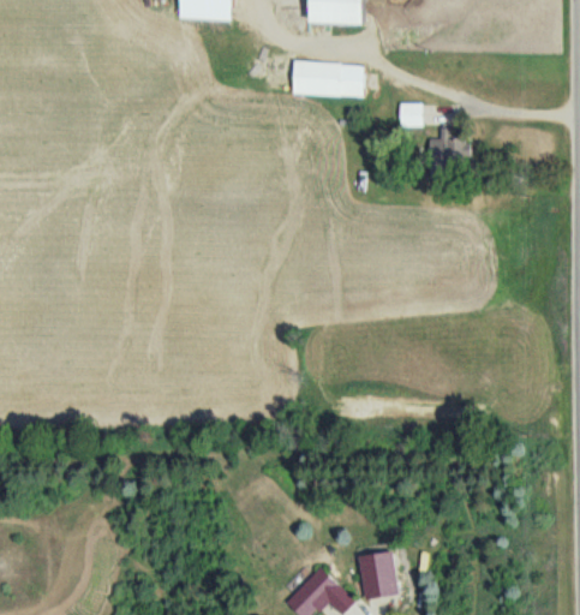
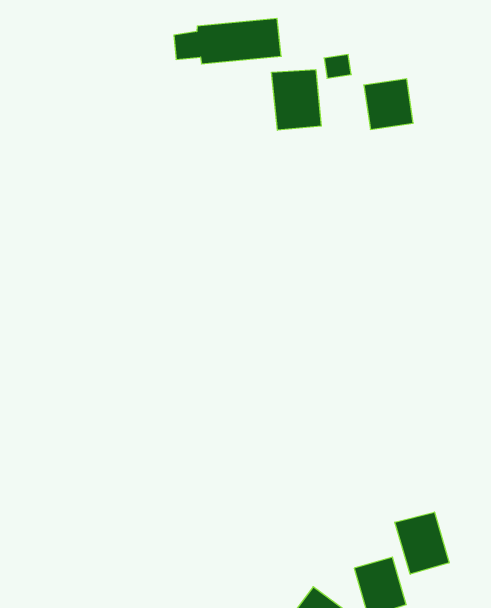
building: none -> [272,70,321,130]
building: none -> [395,512,449,574]

